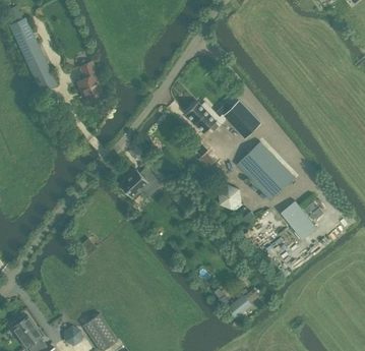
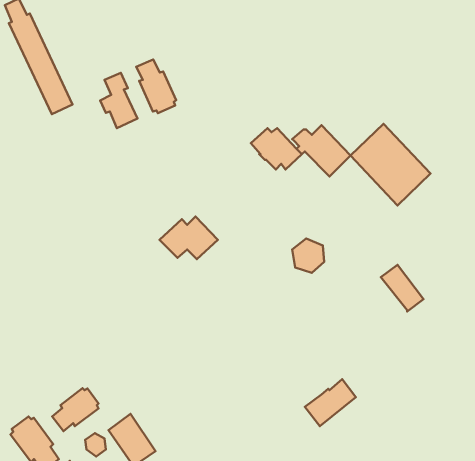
building: none -> [136,59,176,113]
building: [236,140,295,200] -> [350,124,431,205]
building: none -> [52,388,99,431]

